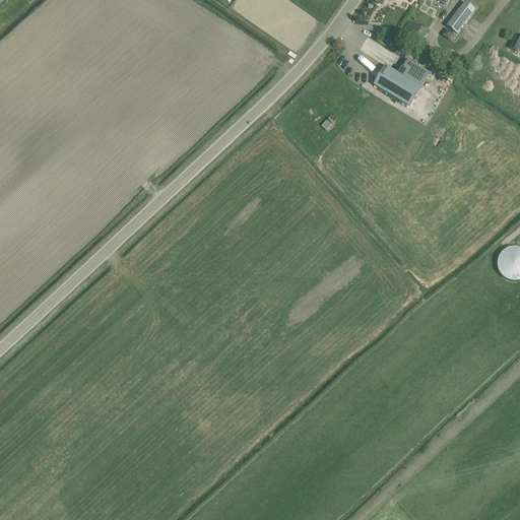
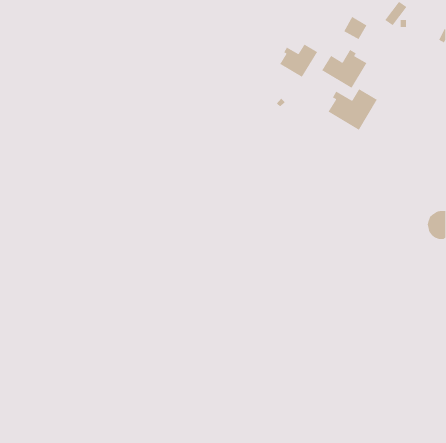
building: none -> [279,43,318,78]
building: none -> [327,88,378,131]

